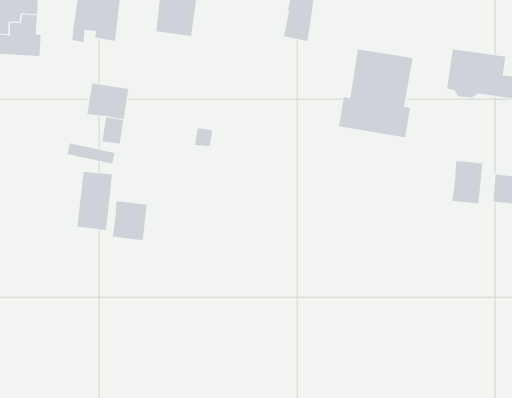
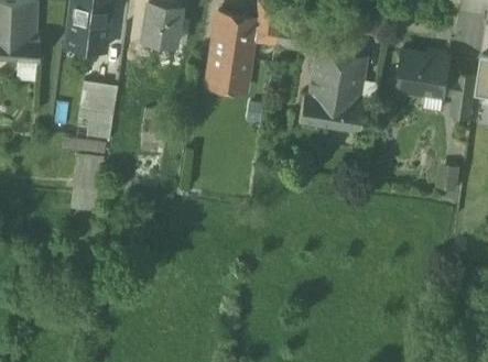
building: none -> [206,13,249,91]
building: [452,160,483,204] -> none
building: [112,200,147,241] -> none

